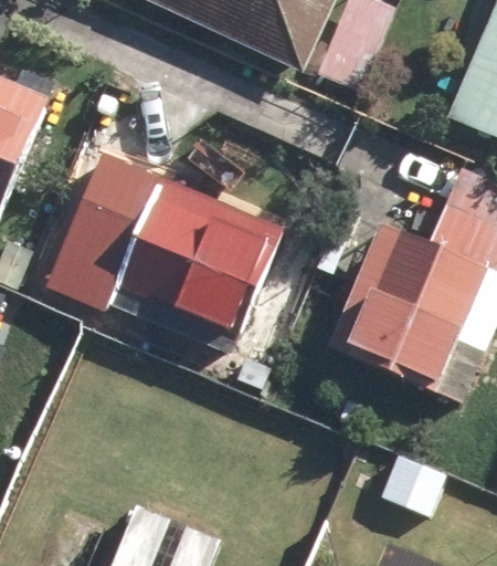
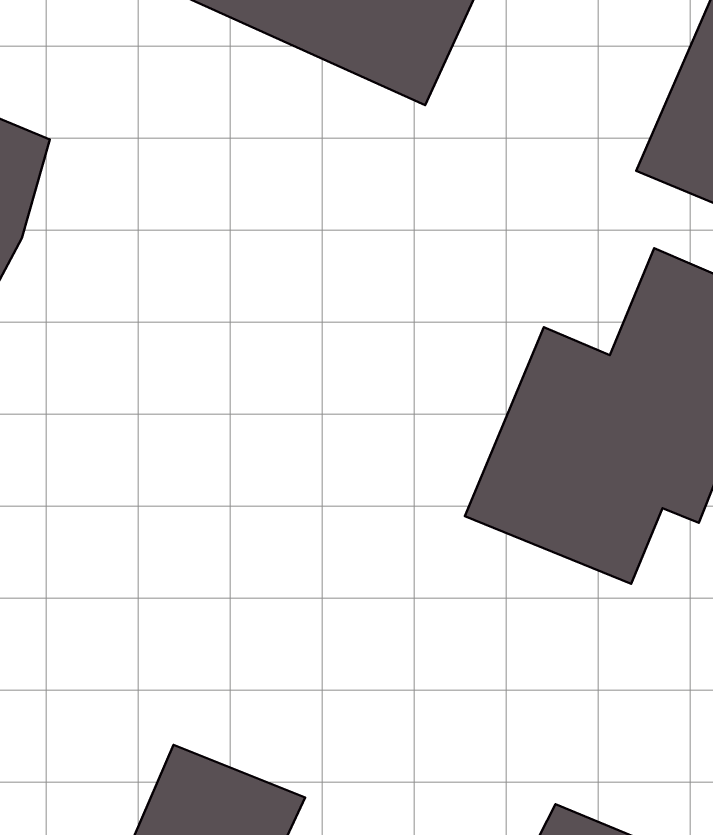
building: [67,176,287,338] -> none

